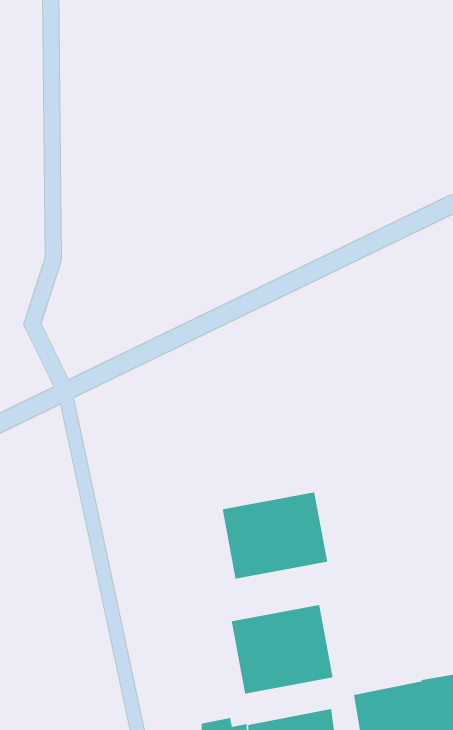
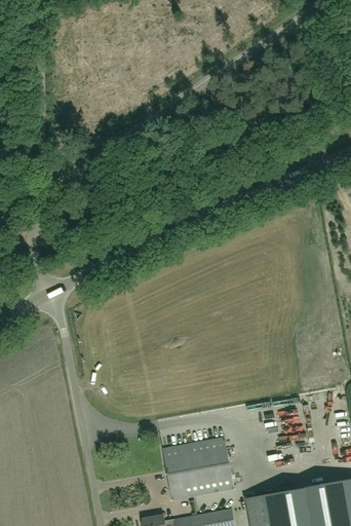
building: [222,491,328,580] -> none

